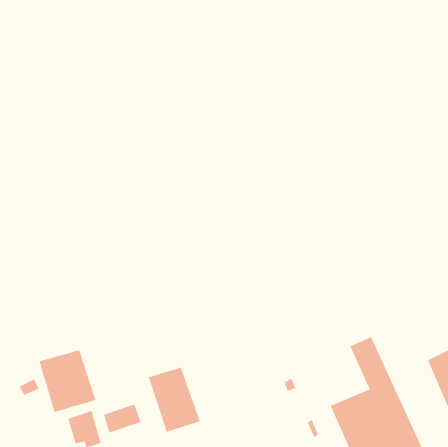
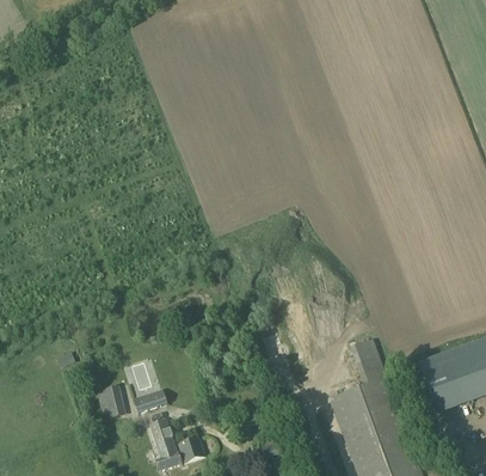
building: [39,349,96,413] -> none
building: [148,367,200,433] -> none

